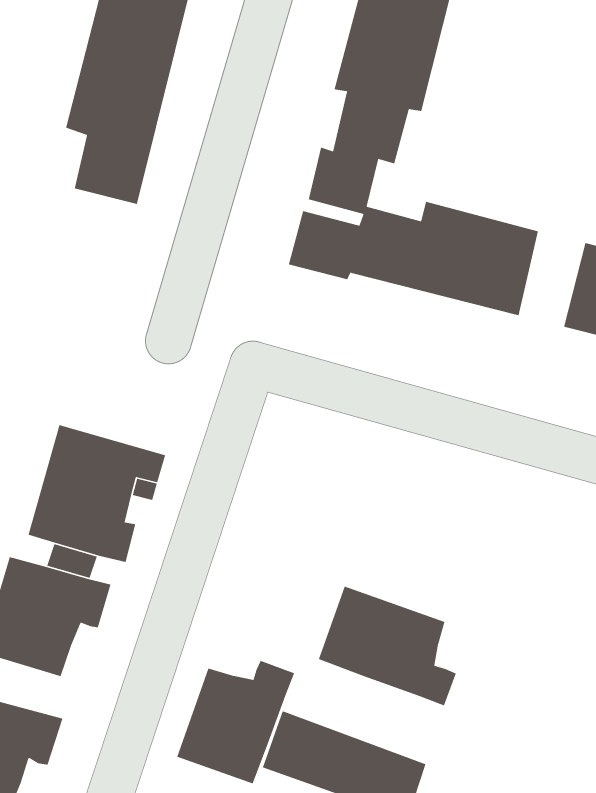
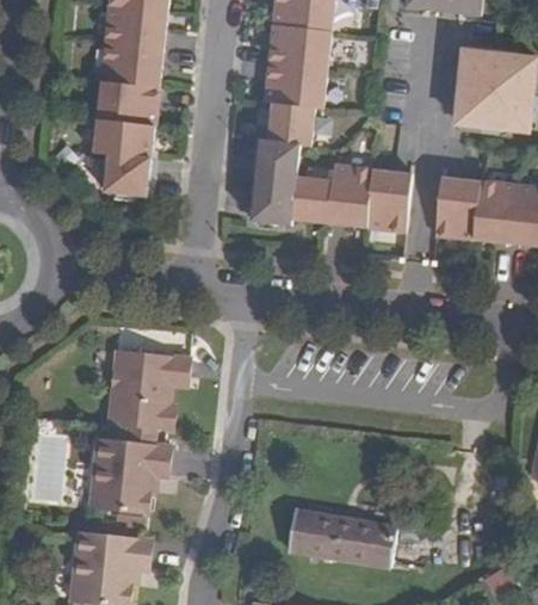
building: [318,586,457,707] -> none
building: [176,660,295,785] -> none

